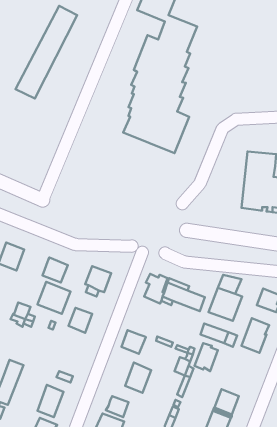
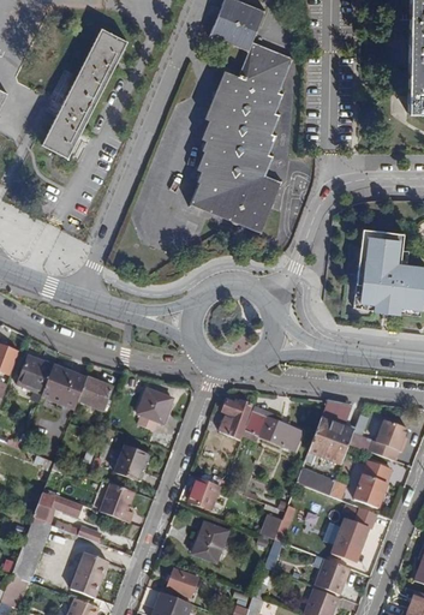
building: [37,282,70,314] -> [41,365,86,410]
building: none -> [102,484,136,523]
building: none -> [34,490,82,521]
building: none -> [332,507,377,562]

